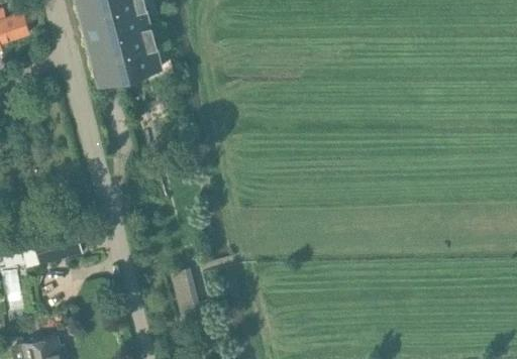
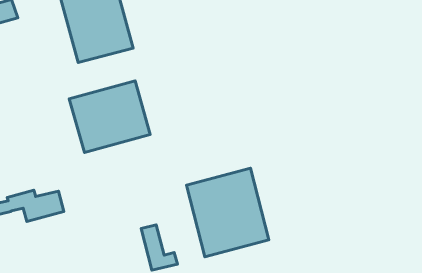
building: none -> [69,81,150,153]
building: none -> [186,168,269,257]

